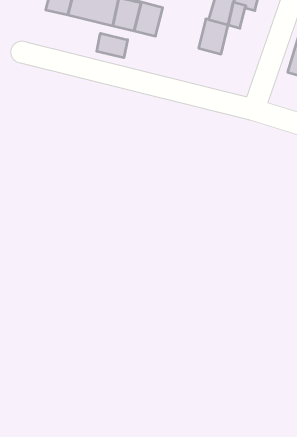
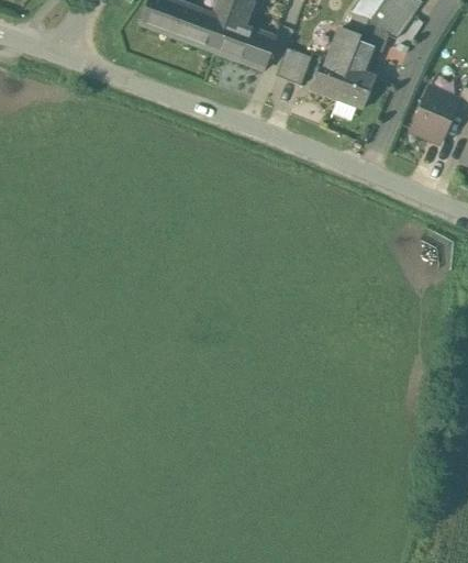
building: none -> [276,47,311,85]
building: none -> [337,66,375,108]
building: [97,33,128,58] -> none

